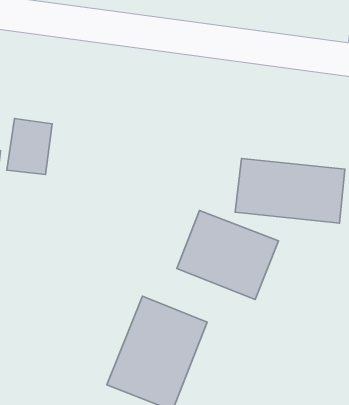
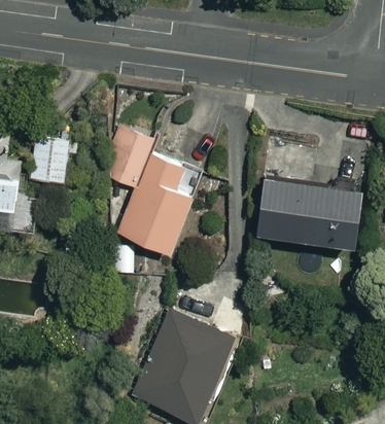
building: none -> [110,127,188,250]
building: [177,210,278,300] -> none

